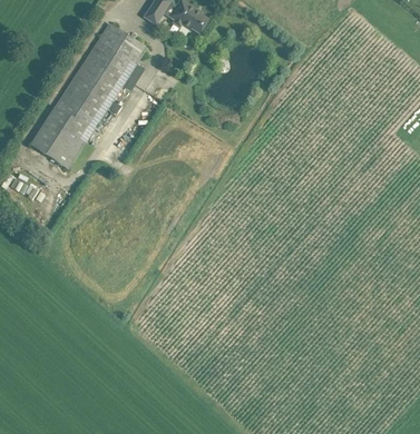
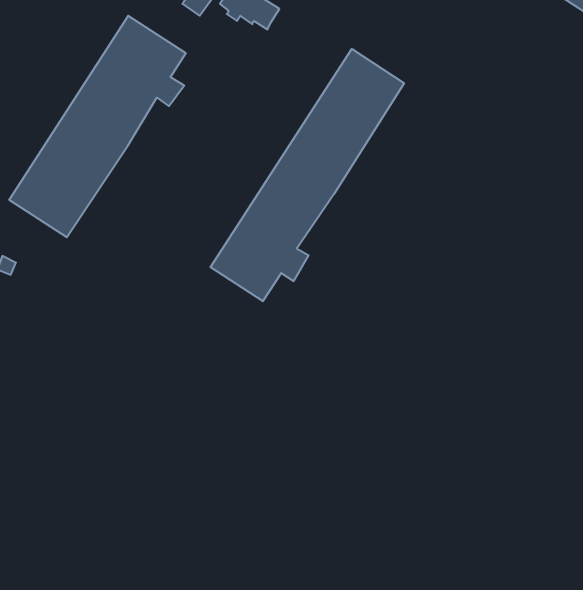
building: none -> [210,49,404,301]

